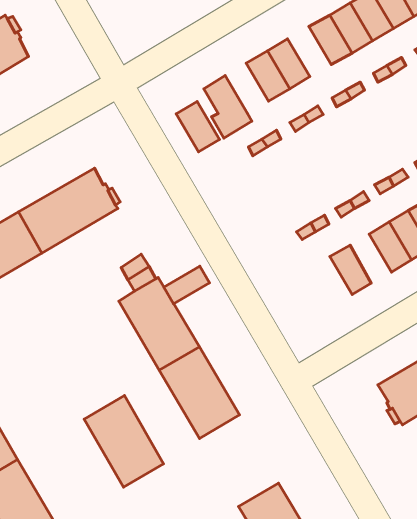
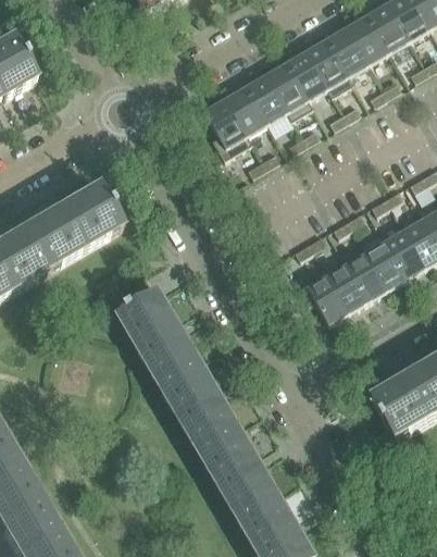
building: none -> [287,48,329,97]
building: [176,101,220,152] -> [226,84,269,133]
building: none -> [348,250,388,298]
building: none -> [298,264,350,321]
building: [164,266,210,304] -> none
building: [84,396,164,487] -> [201,426,278,516]

